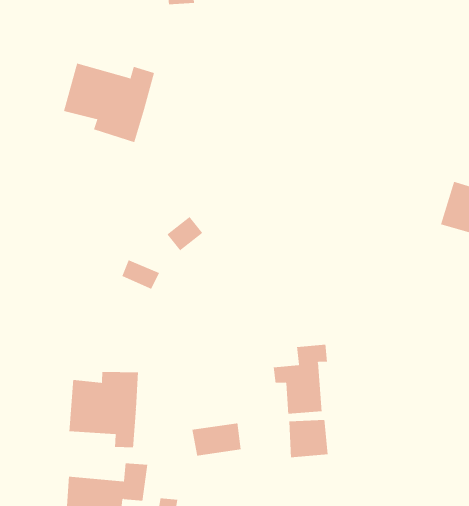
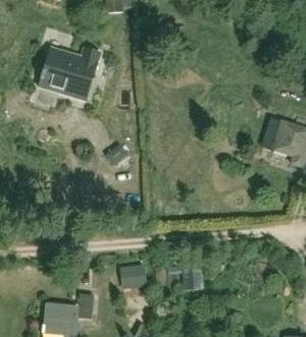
building: [273,344,328,415] -> none
building: [69,371,138,448] -> none

